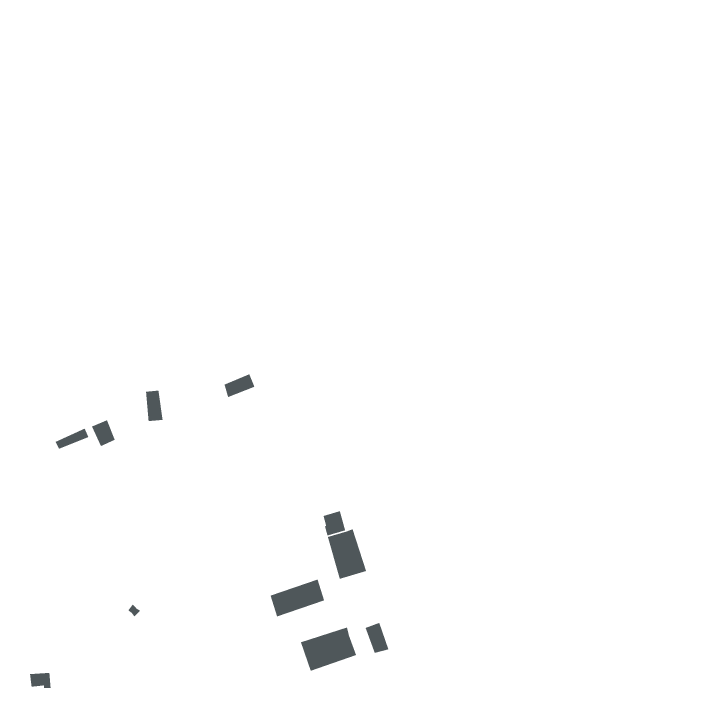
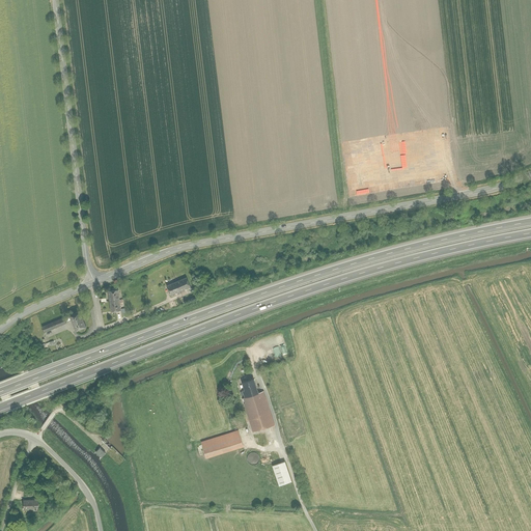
building: [300,626,357,672] -> none

